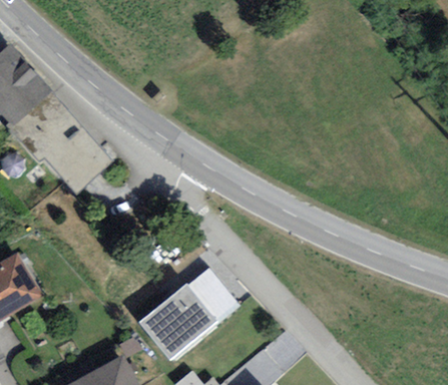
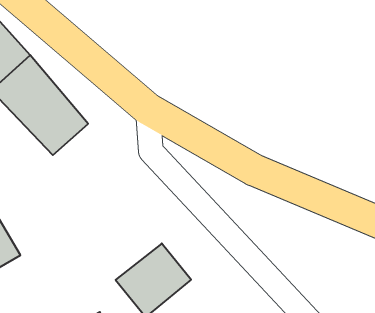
building: [186,268,241,324] -> none

